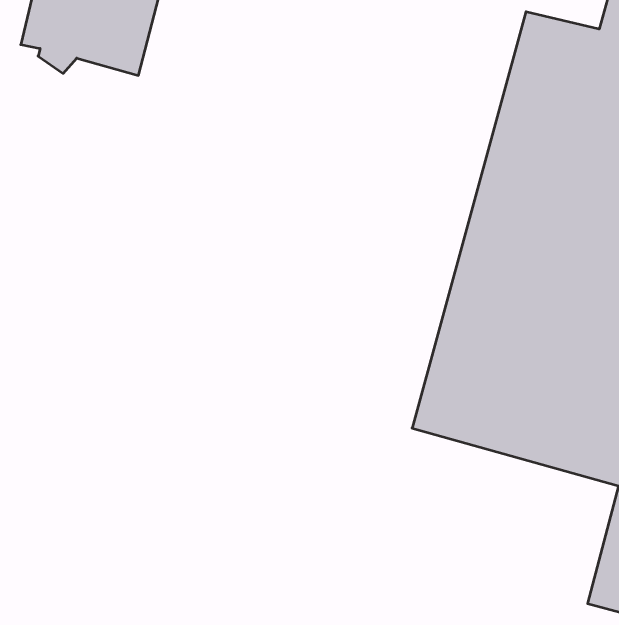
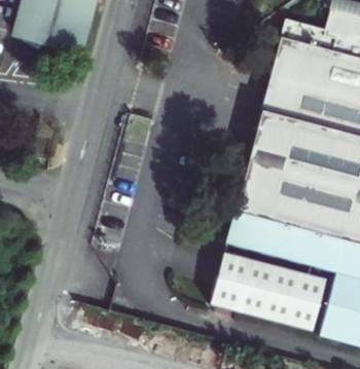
building: none -> [212,254,323,331]

